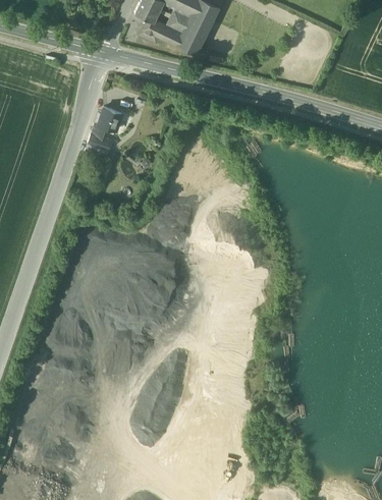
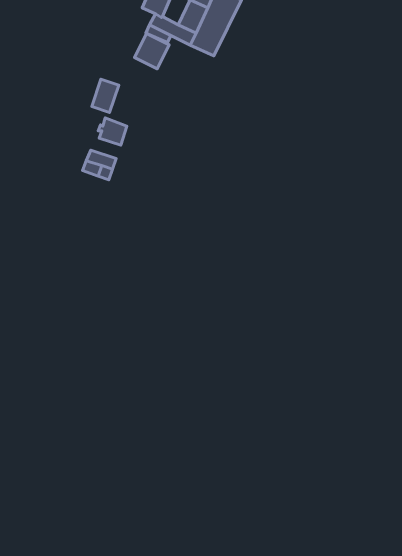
building: none -> [135,33,169,69]
building: none -> [92,79,119,113]

